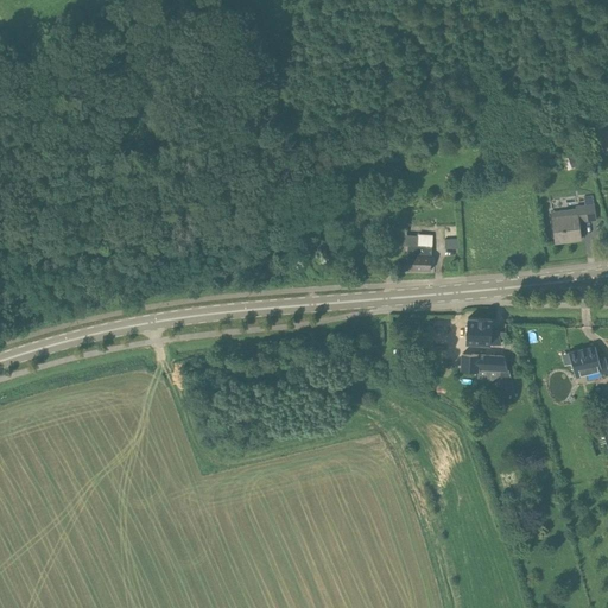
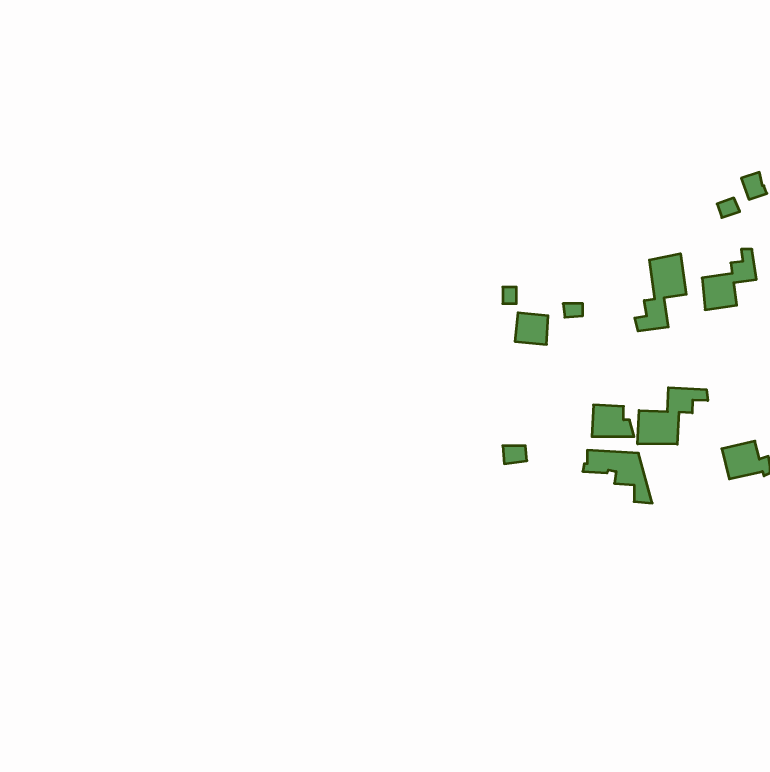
building: none -> [635,254,686,331]
building: none -> [638,388,708,444]

